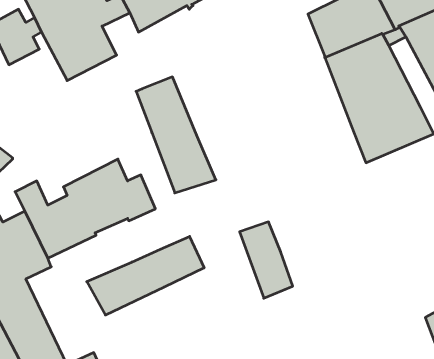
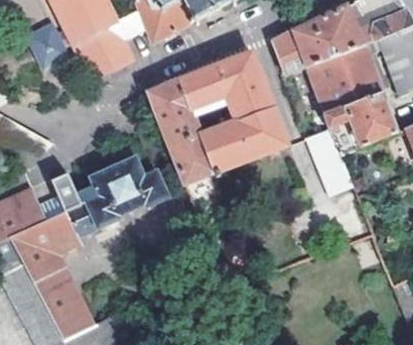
building: none -> [273,30,307,75]
building: none -> [180,54,289,168]
building: [240,222,293,298] -> [307,129,352,193]
building: [87,236,204,315] -> none

